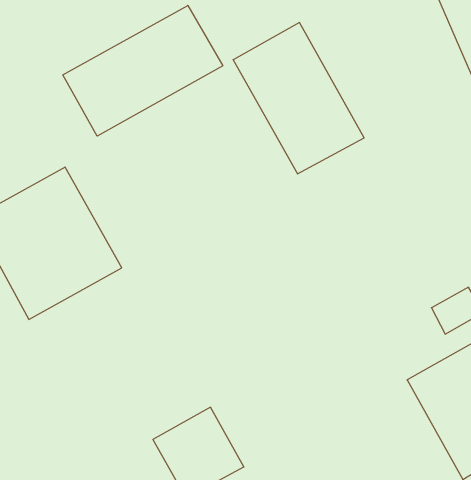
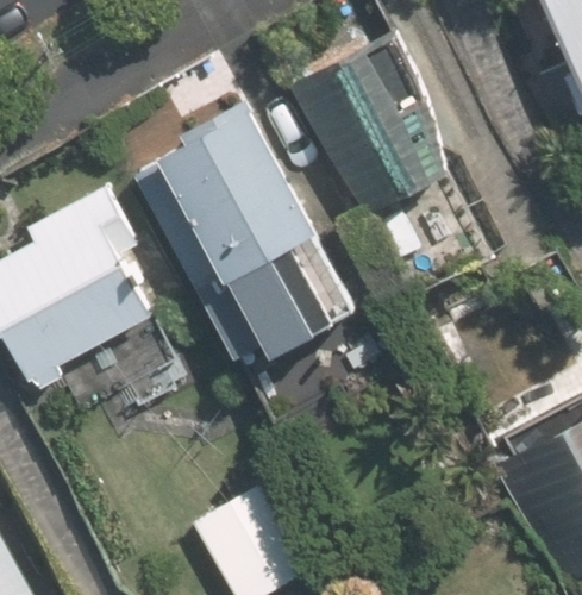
building: [63,5,223,136] -> none
building: none -> [150,111,358,361]

